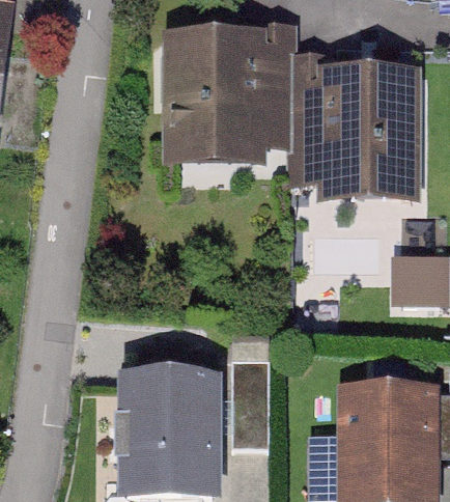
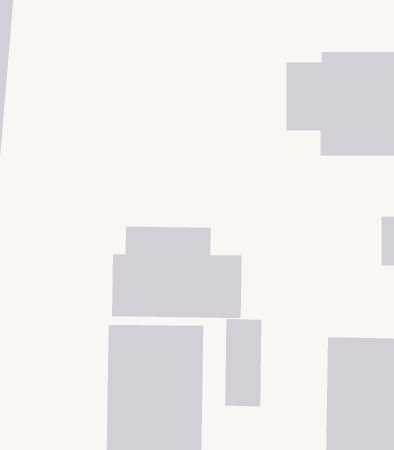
building: [176,49,296,156] -> none
building: none -> [112,226,242,319]

